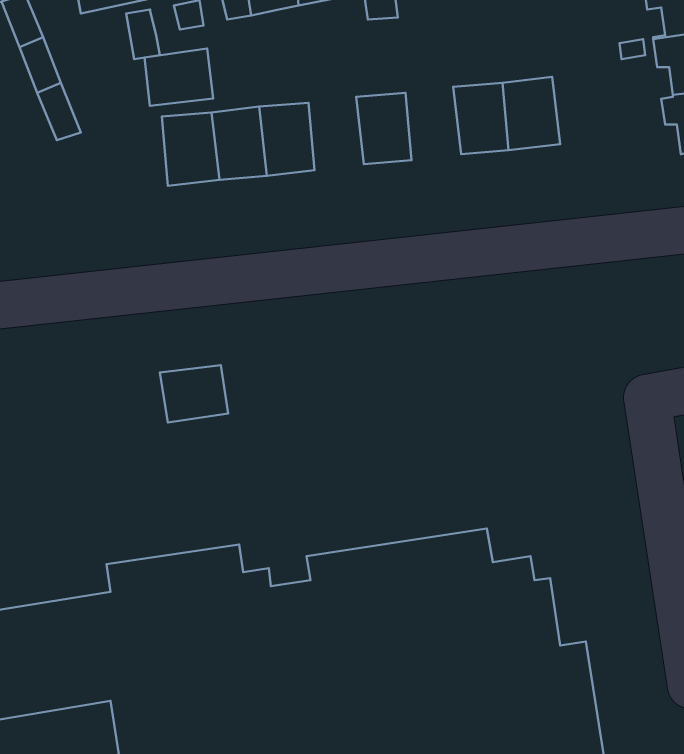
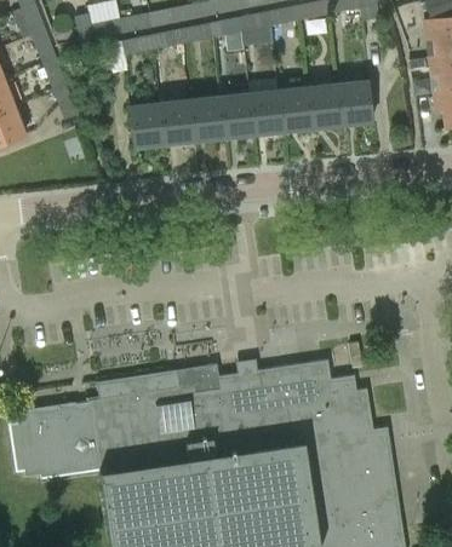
building: [145,48,213,106] -> none
building: none -> [278,87,311,132]
building: none -> [218,93,252,138]
building: [160,365,228,423] -> none

